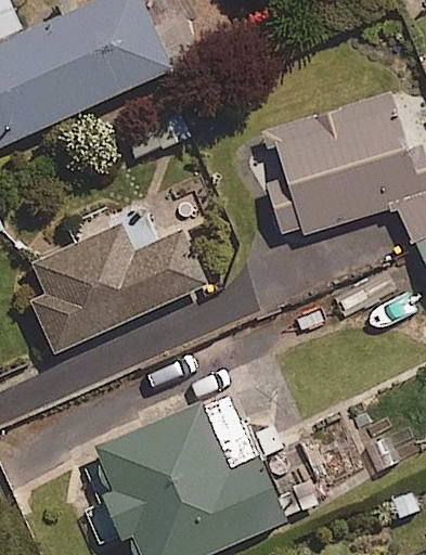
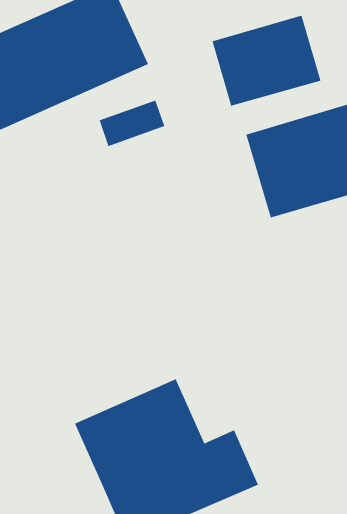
building: none -> [212,15,321,107]
building: [29,223,207,354] -> none

